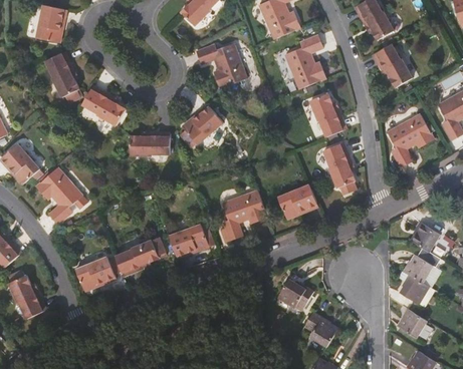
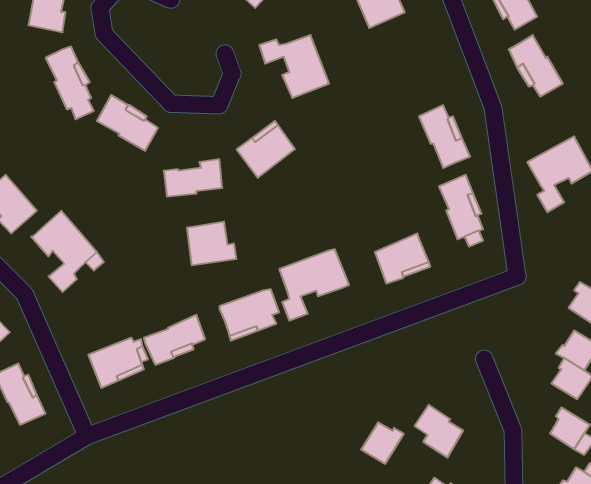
building: [284,35,325,89] -> none
building: none -> [187,221,236,265]
building: [285,277,315,306] -> [361,422,404,464]

